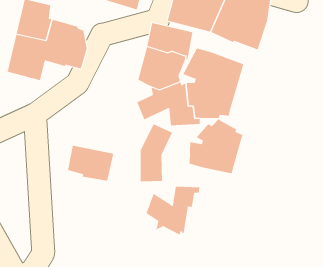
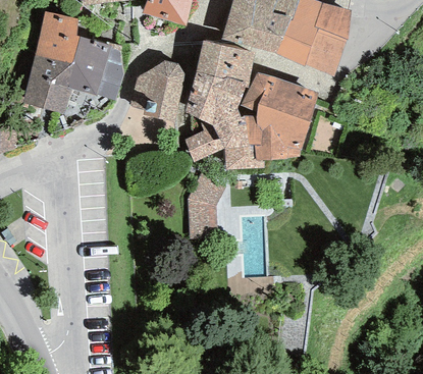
building: none -> [130,60,184,120]
building: [189,119,243,174] -> none
building: [67,145,114,182] -> none
building: [146,186,200,236] -> none

